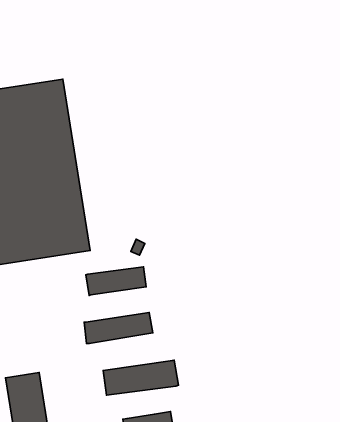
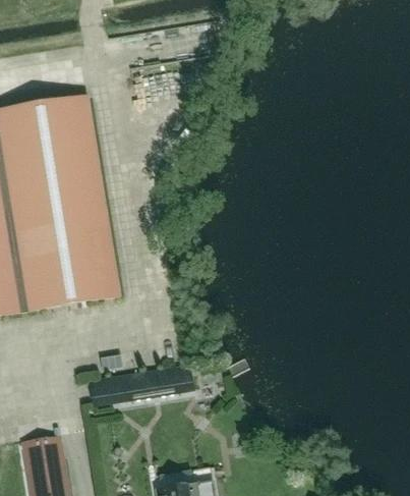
building: [86,267,146,295] -> none
building: [103,360,178,395] -> none

